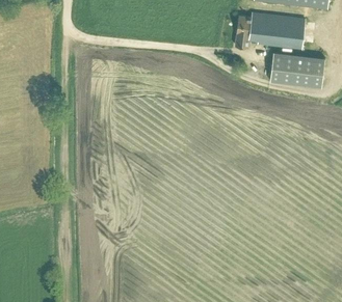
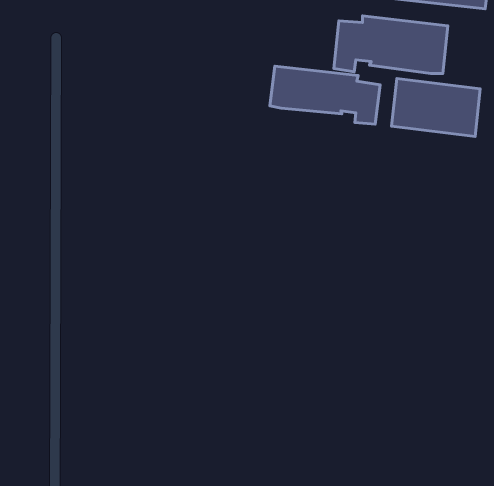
building: none -> [270,66,380,124]

